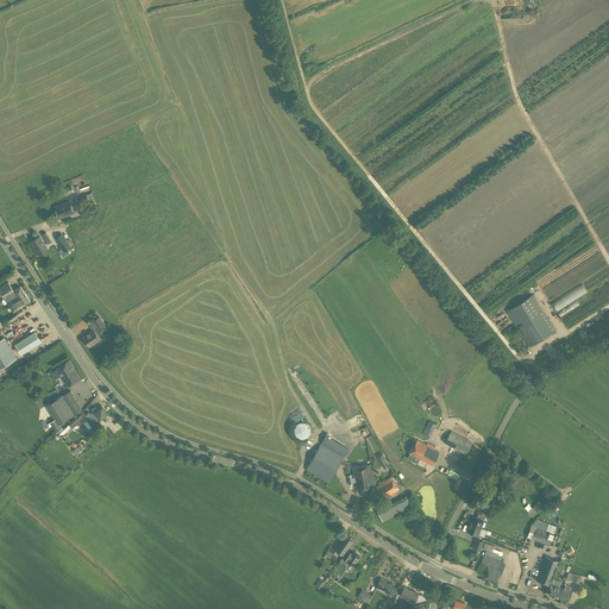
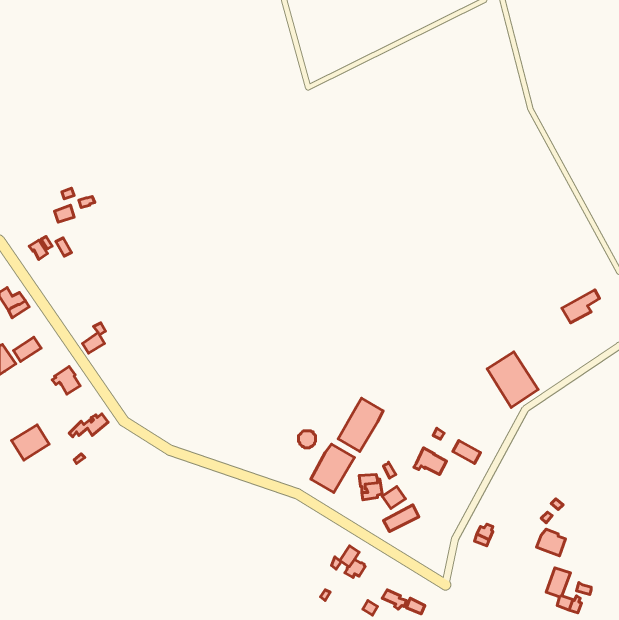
building: [506,294,555,349] -> [487,352,538,408]
building: [44,390,81,425] -> [12,425,49,460]
building: none -> [338,398,383,451]
building: [479,542,503,583] -> none

